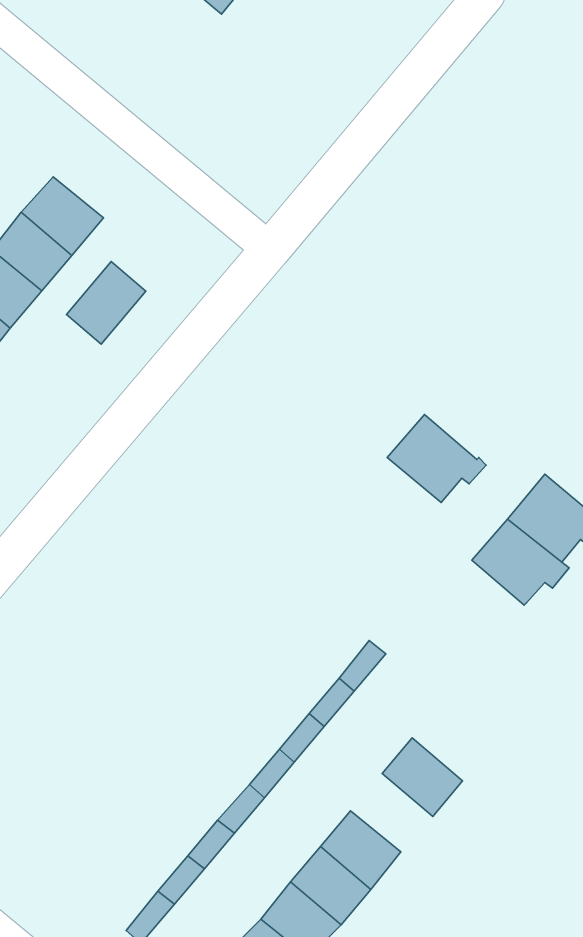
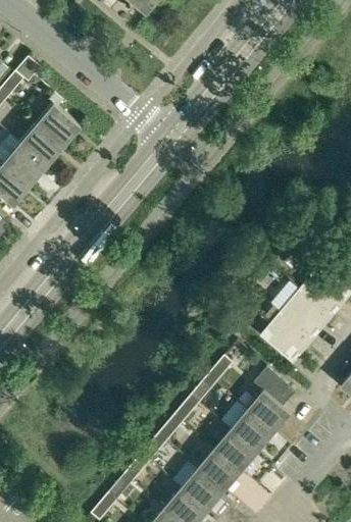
building: [67,261,146,344] -> none
building: [387,415,486,503] -> [260,311,314,359]
building: none -> [248,366,294,431]
building: none -> [214,427,259,470]

